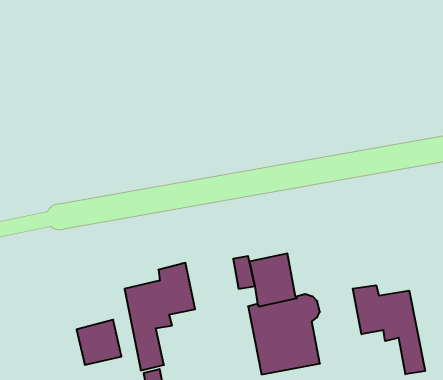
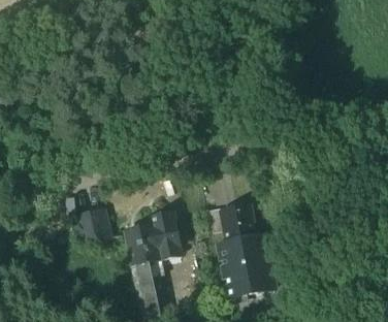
building: [353,285,425,374] -> none
building: [77,320,121,365] -> [76,207,110,242]

